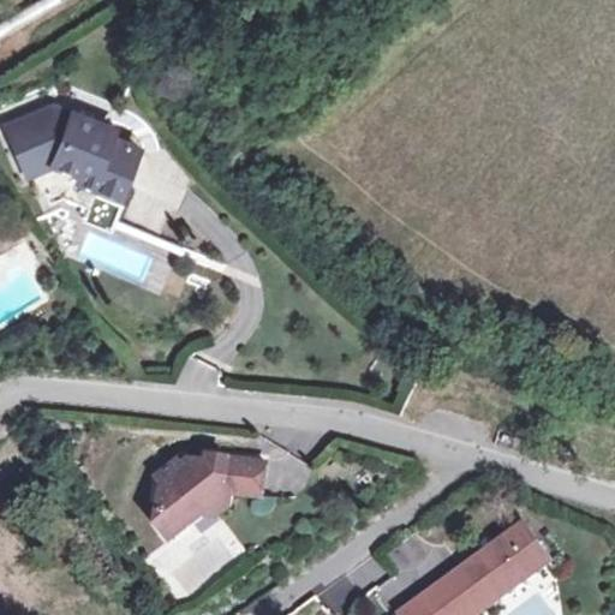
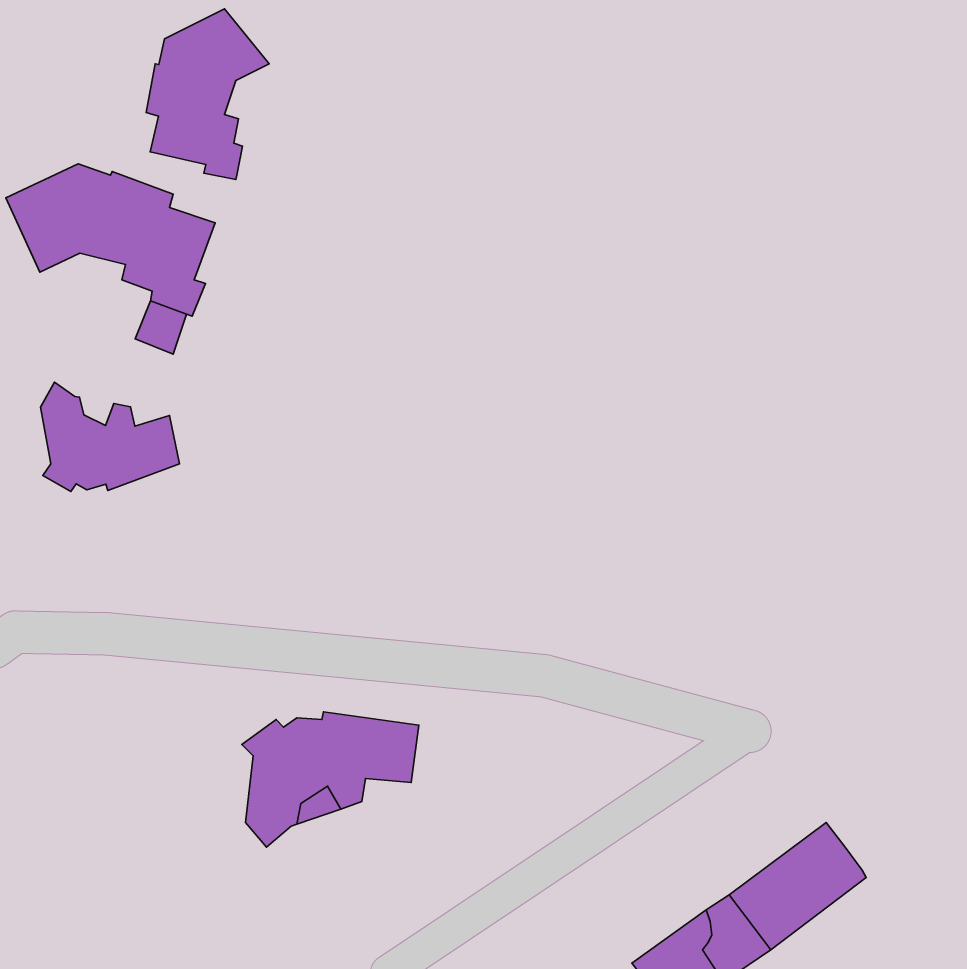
building: none -> [146,9,269,179]
building: none -> [40,382,179,492]

